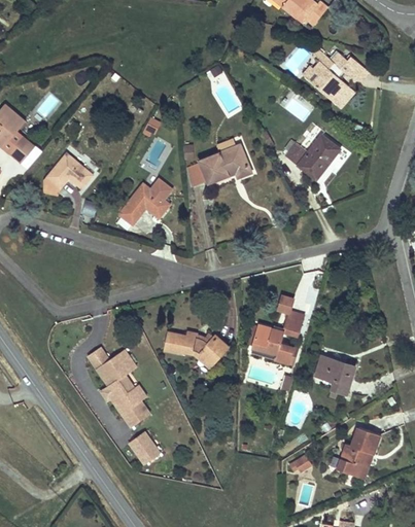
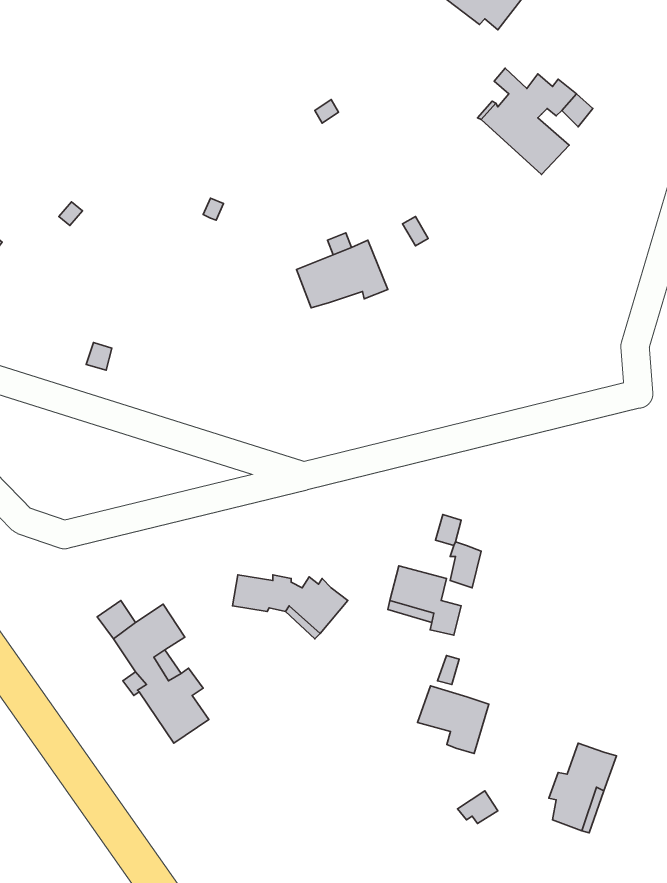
building: [284,136,339,179] -> none
building: [44,152,93,196] -> none
building: [118,178,173,224] -> none
building: [315,355,355,393] -> [418,686,489,754]
building: [129,432,160,465] -> none

